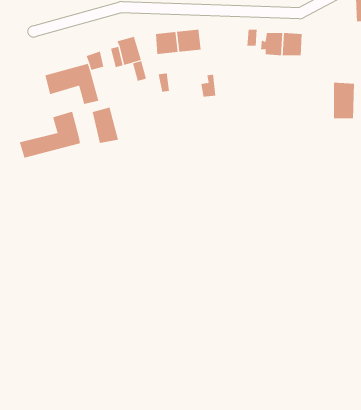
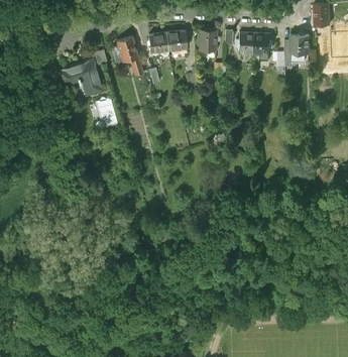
building: none -> [197,30,217,51]
building: [333,82,355,119] -> [292,35,310,66]
building: [19,111,81,159] -> none

